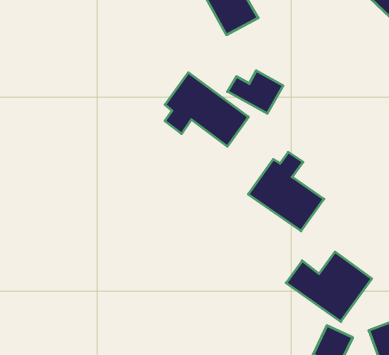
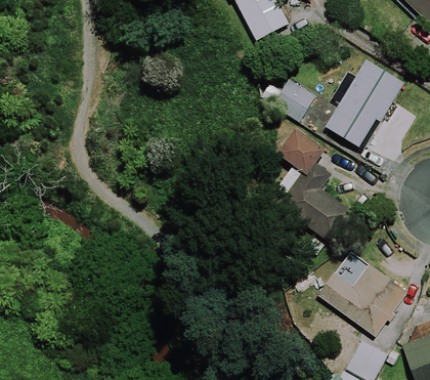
building: none -> [326,60,402,149]
building: [165,73,248,146] -> none
building: none -> [281,125,329,172]

